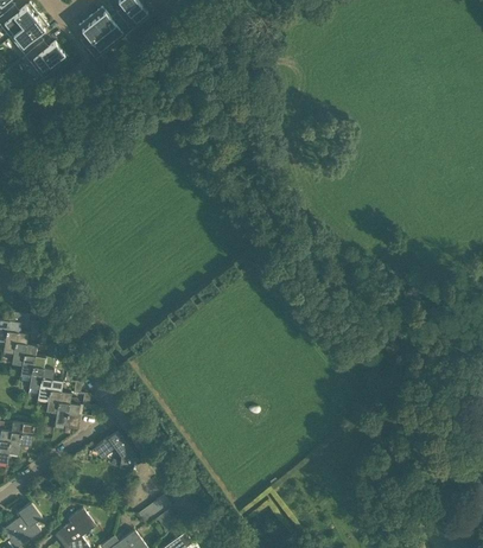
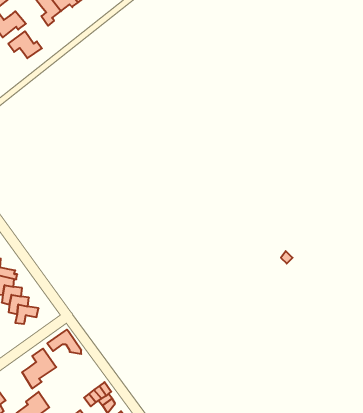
building: none -> [8,31,42,58]
building: none -> [22,349,56,389]

